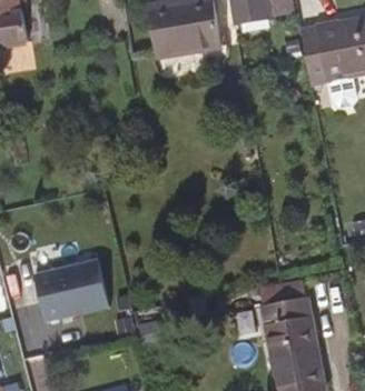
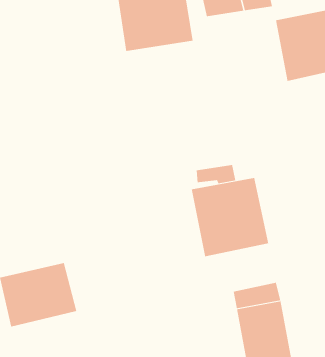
building: none -> [191,177,269,257]

